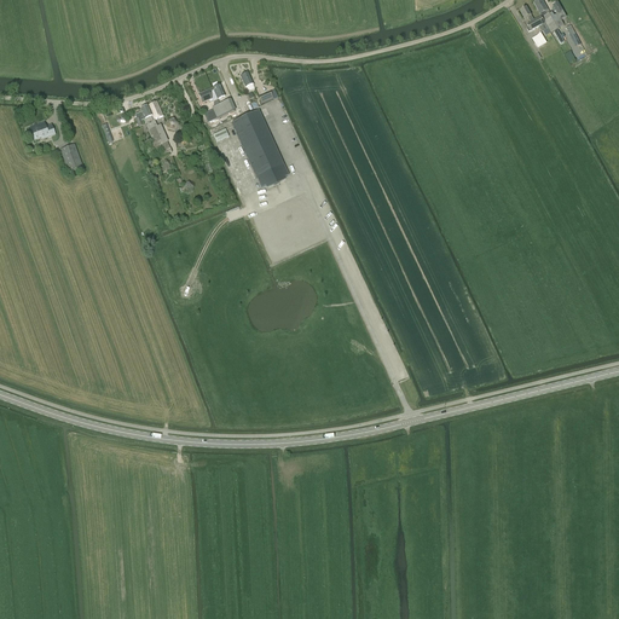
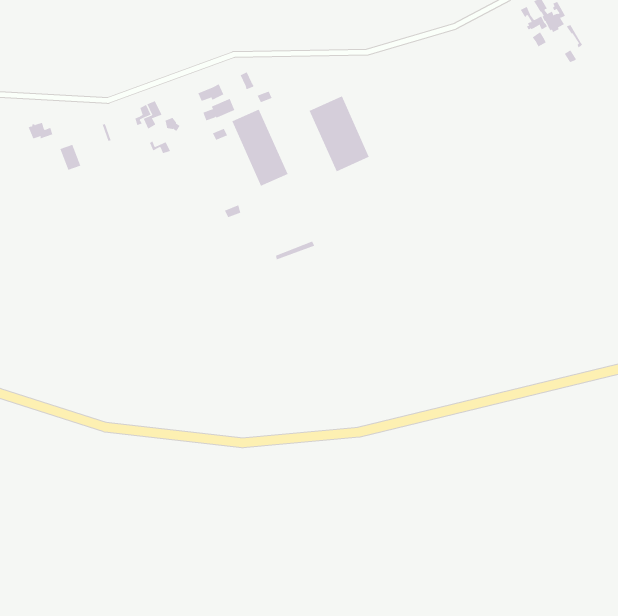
building: none -> [309,95,370,172]

